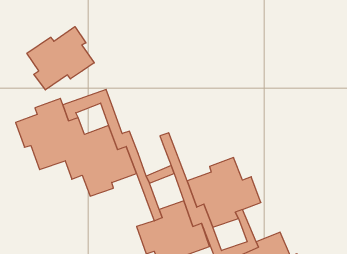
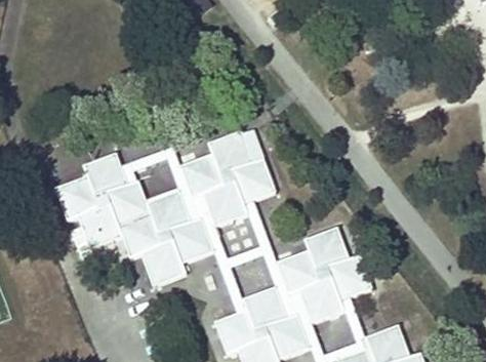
building: [27,27,94,90] -> none
building: none -> [181,132,274,227]
building: none -> [311,310,355,351]

